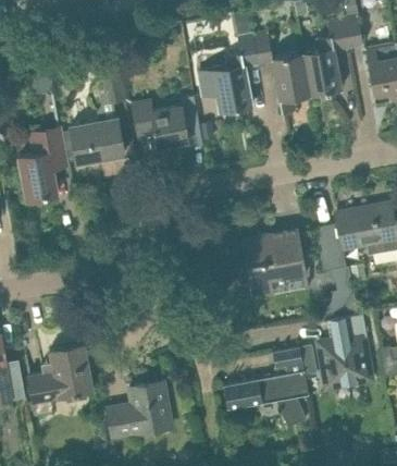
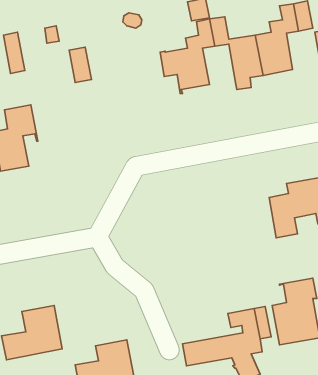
building: [132,96,202,147] -> none
building: [70,118,124,163] -> none
building: [240,229,306,297] -> none

